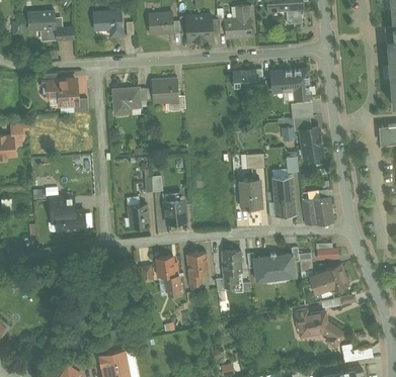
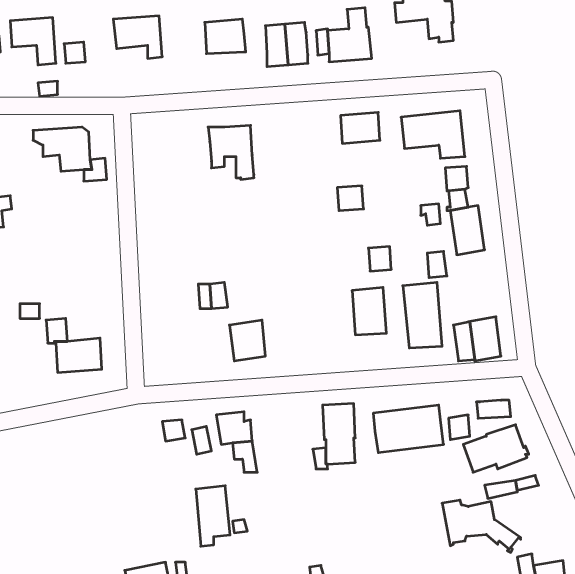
building: [113,89,140,114] -> none
building: [128,204,149,228] -> none
building: [187,252,209,289] -> [196,486,230,546]

